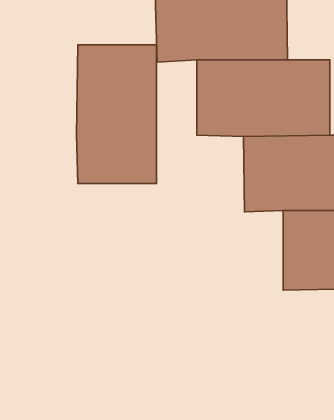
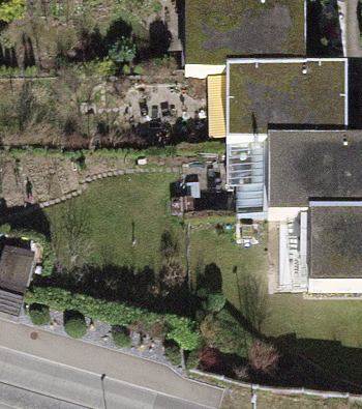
building: [77,45,157,183] -> none

